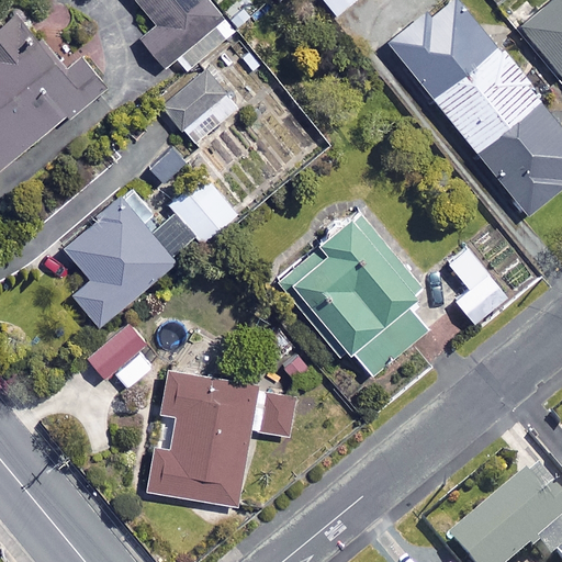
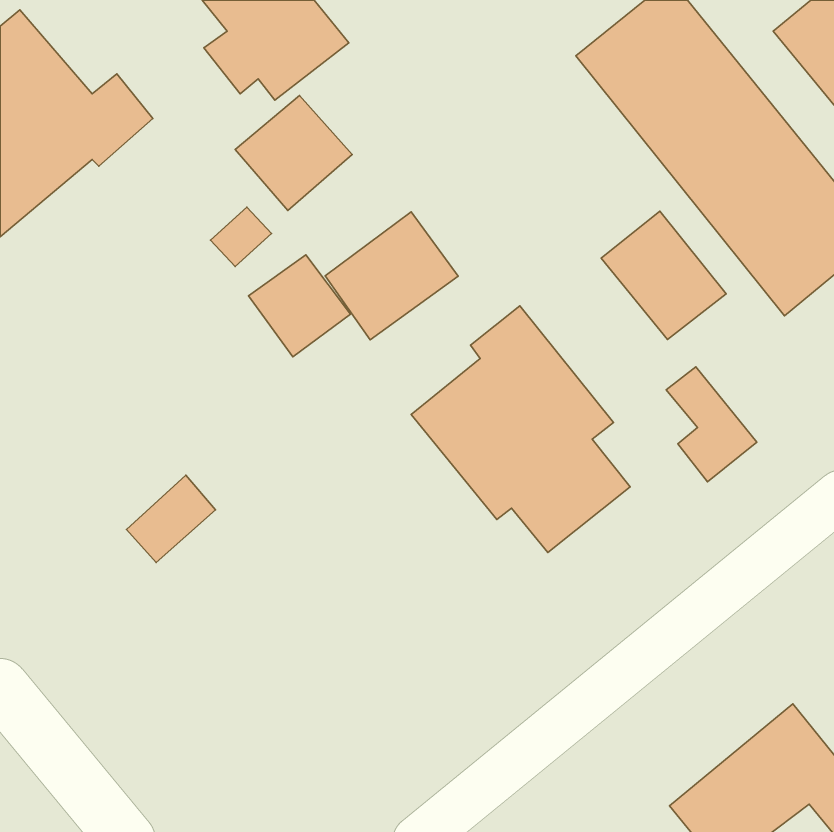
building: none -> [601,211,726,339]
building: none -> [325,212,458,340]
building: [65,200,192,326] -> none
building: [148,369,296,508] -> none

